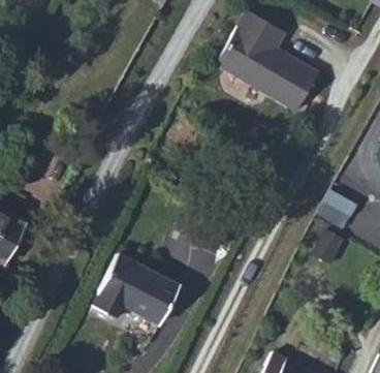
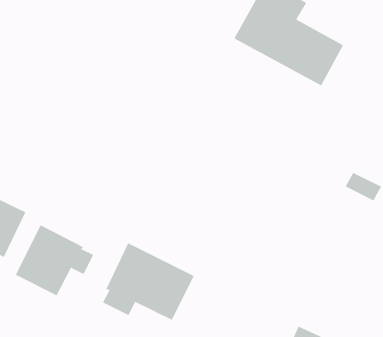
building: none -> [15,224,94,296]

